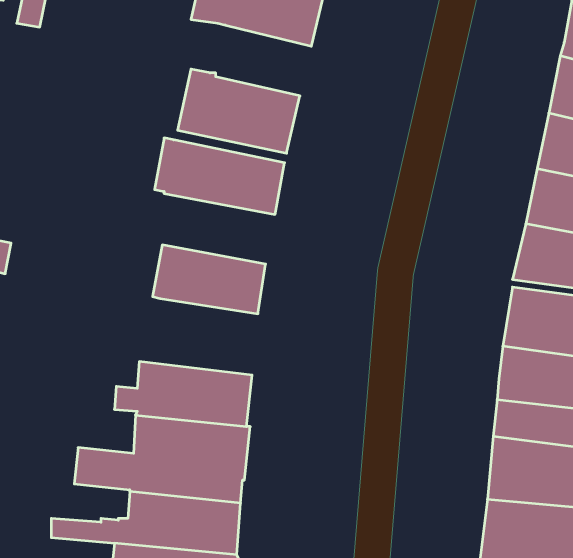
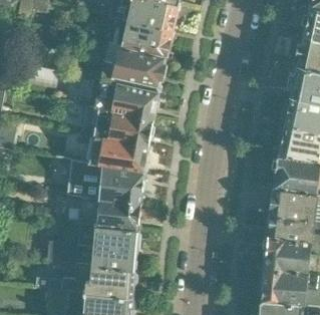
building: none -> [113,17,173,55]
building: none -> [82,103,153,143]
building: none -> [82,162,144,202]

